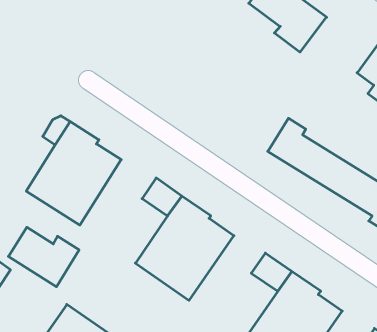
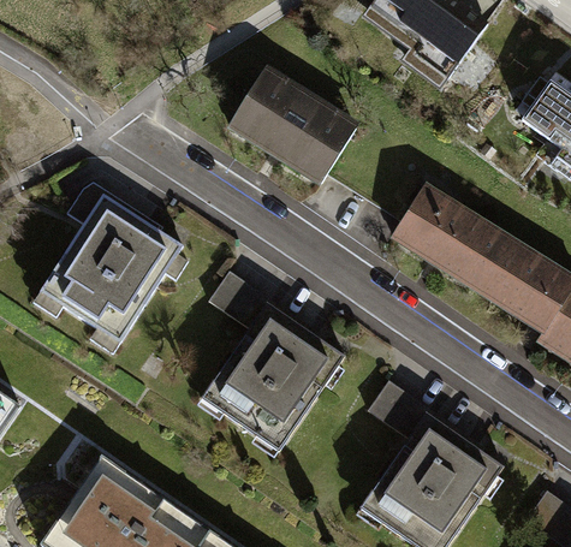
building: none -> [231,72,355,180]
building: [8,227,79,287] -> none

